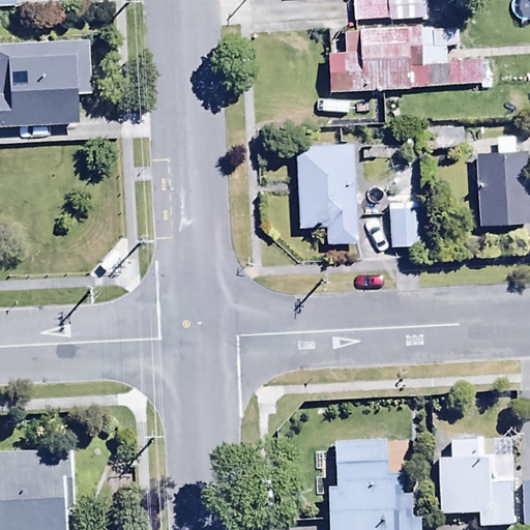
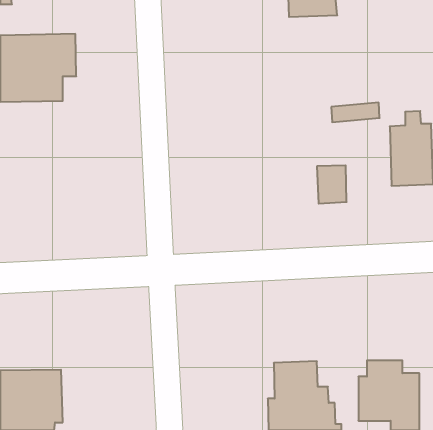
building: [327,26,479,91] -> none
building: [297,143,358,243] -> none

